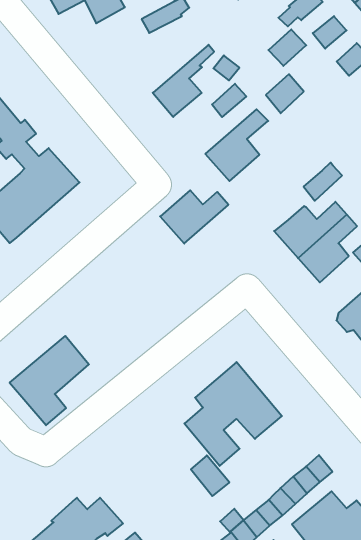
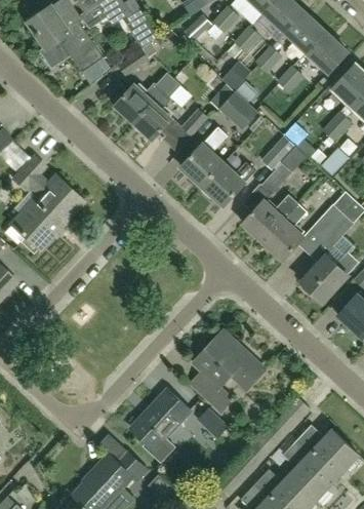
building: none -> [114,74,173,123]
building: none -> [260,135,294,170]
building: [160,190,228,244] -> [202,162,255,206]
building: [10,336,89,425] -> [128,389,190,462]

